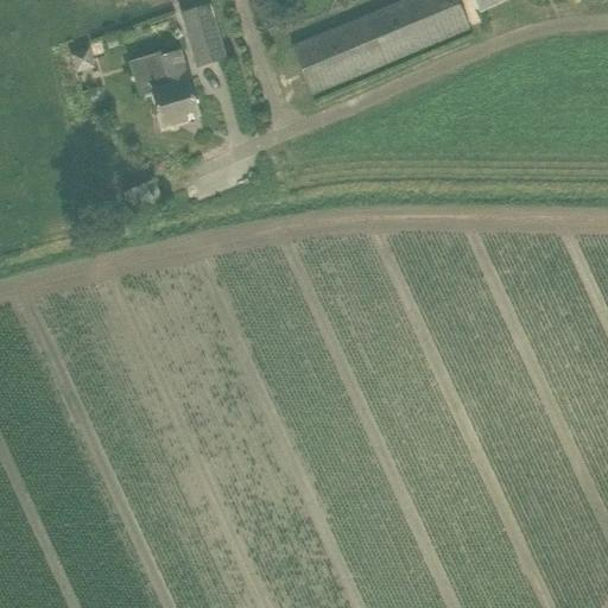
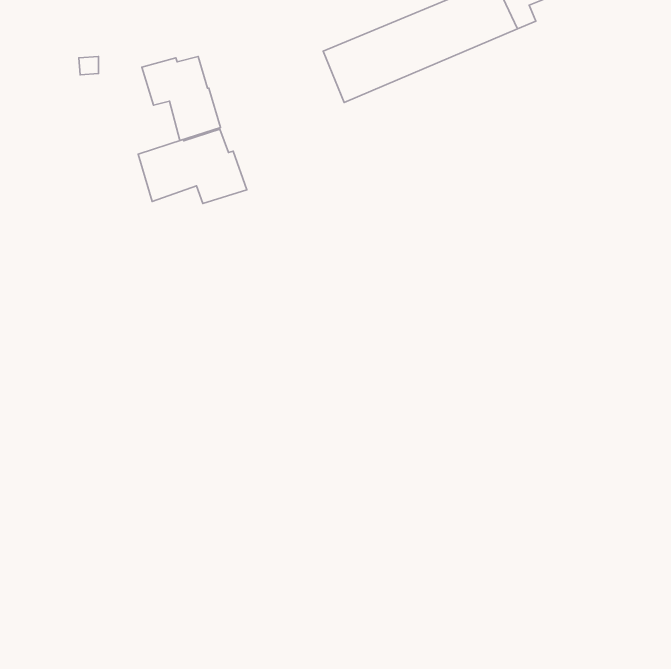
building: [182,5,224,65] -> none
building: none -> [138,129,247,203]

